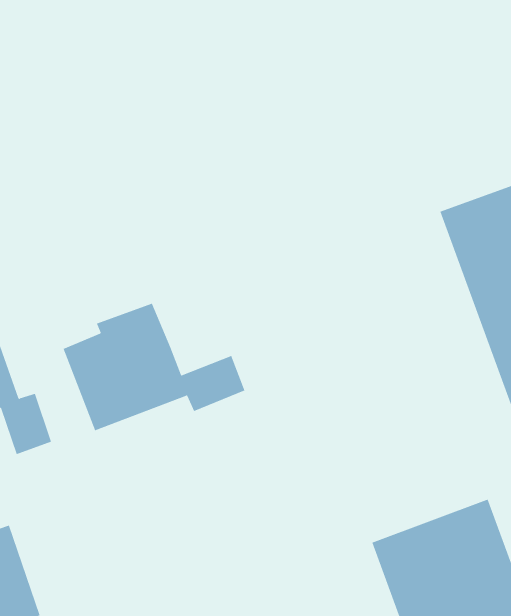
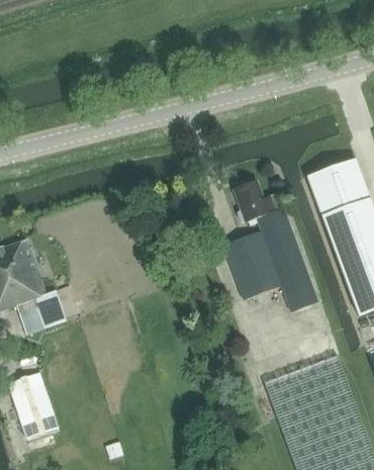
building: none -> [223,181,318,312]
building: [63,303,245,431] -> none

